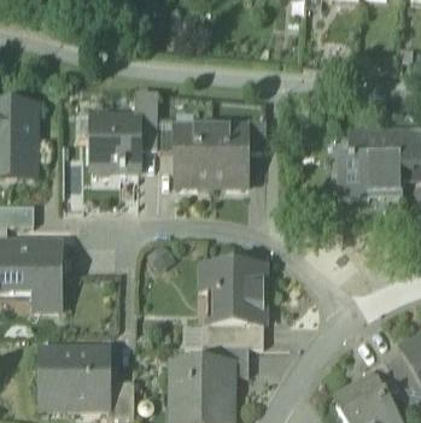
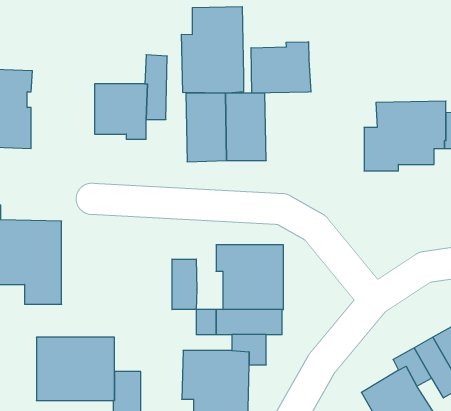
building: none -> [182,7,244,93]
building: none -> [251,42,311,93]
building: none -> [172,259,197,310]

